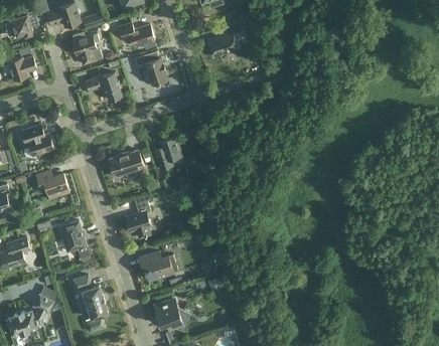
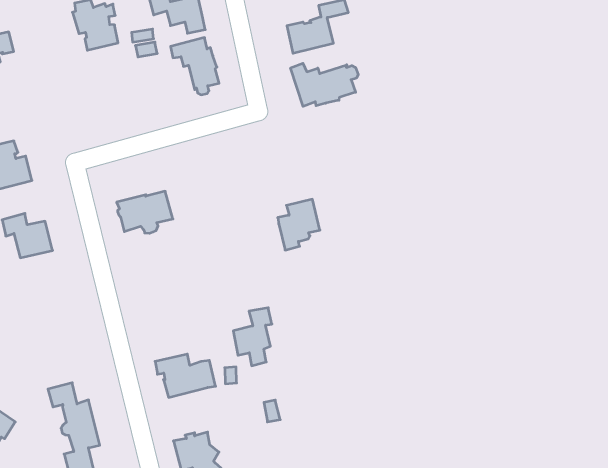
building: none -> [291,63,358,106]
building: [84,71,121,99] -> none
building: [153,136,180,169] -> [278,199,320,250]
building: [125,200,149,237] -> [233,308,272,366]
building: [58,219,89,257] -> none

